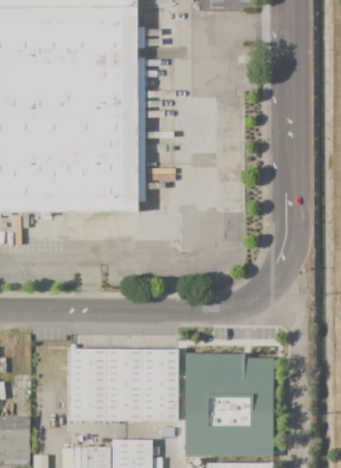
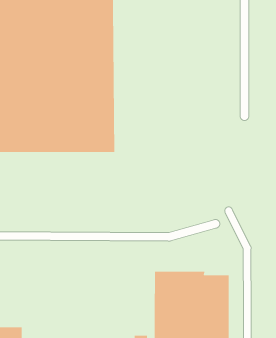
building: [69,348,179,420] -> none

